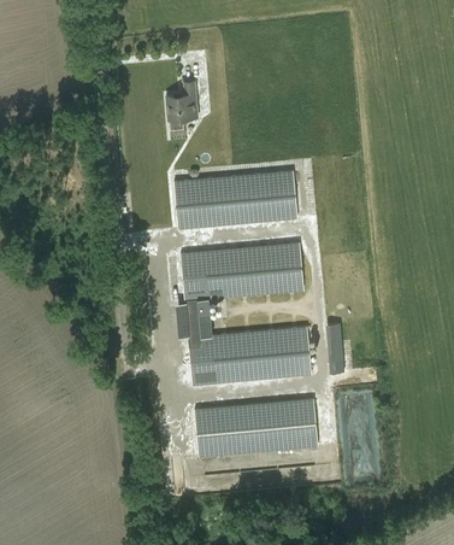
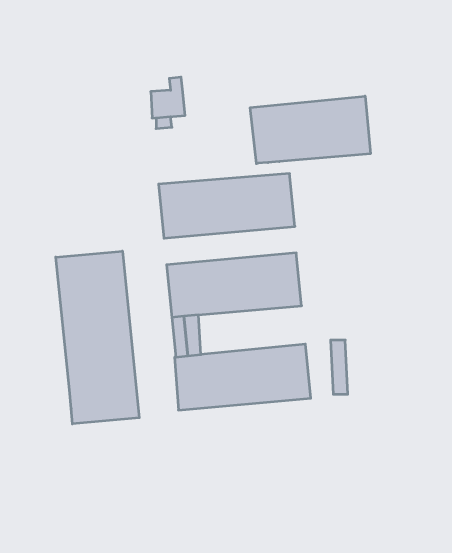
building: none -> [250,96,370,164]
building: none -> [56,251,139,424]
building: [195,398,318,458] -> none

